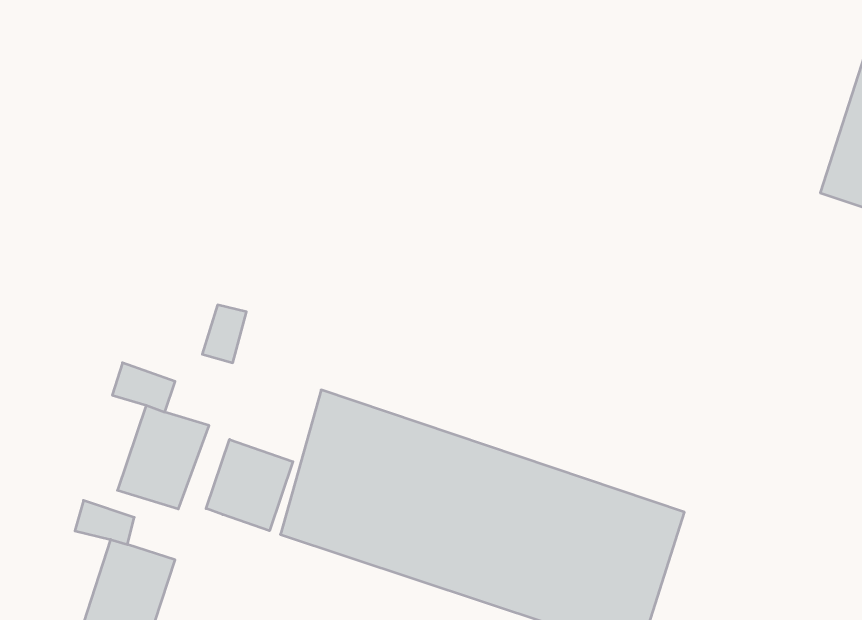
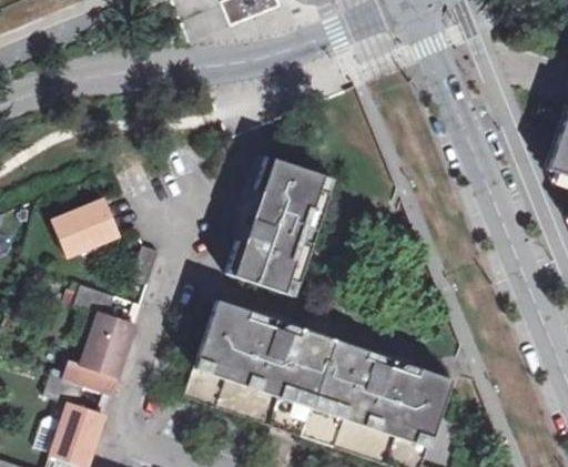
building: none -> [221,154,334,296]
building: none -> [51,195,121,257]
building: [206,439,293,531] -> none

